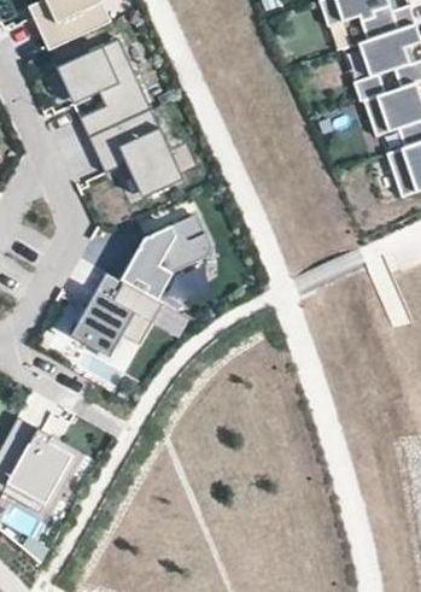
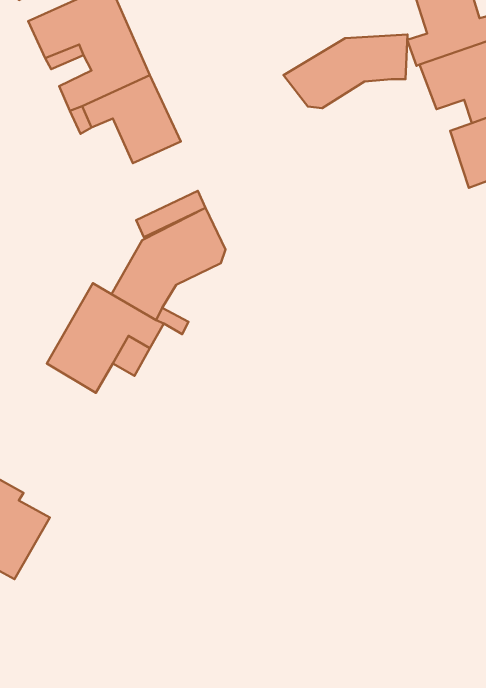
building: none -> [283,34,407,108]

